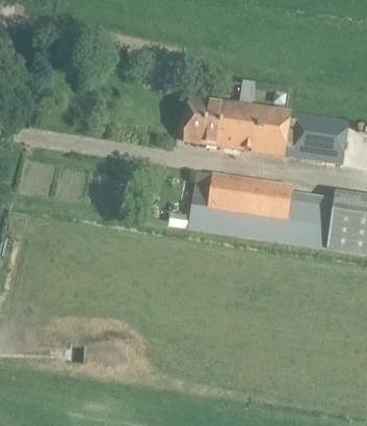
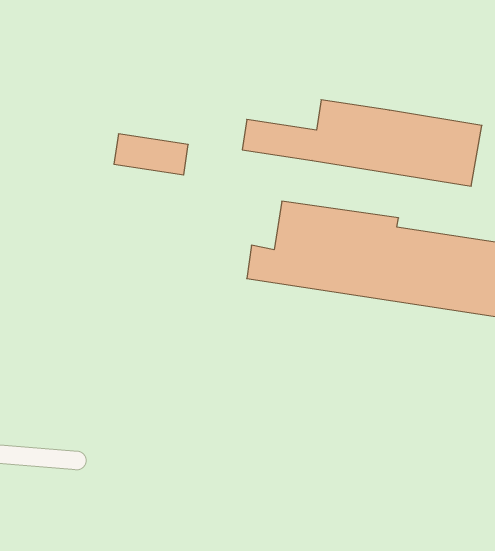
building: [185,96,236,124] -> [114,134,188,175]

